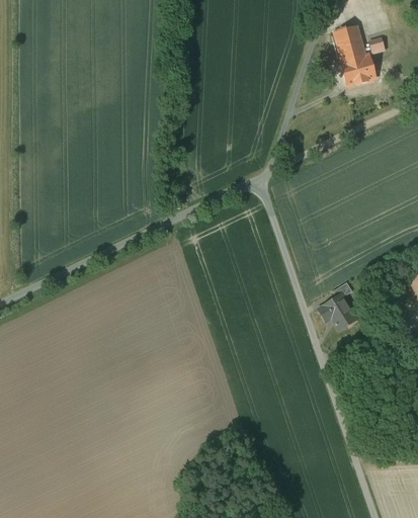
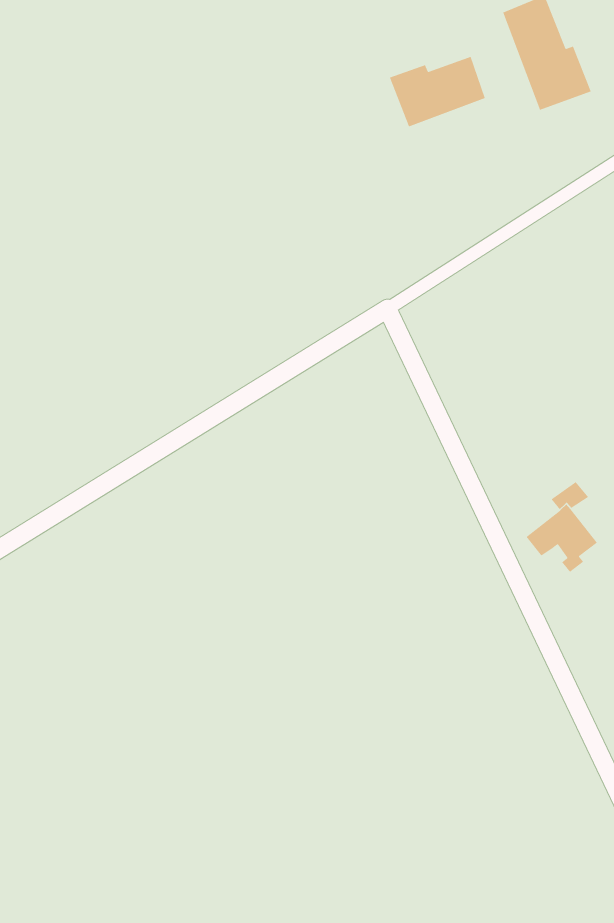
building: none -> [389,56,486,128]

